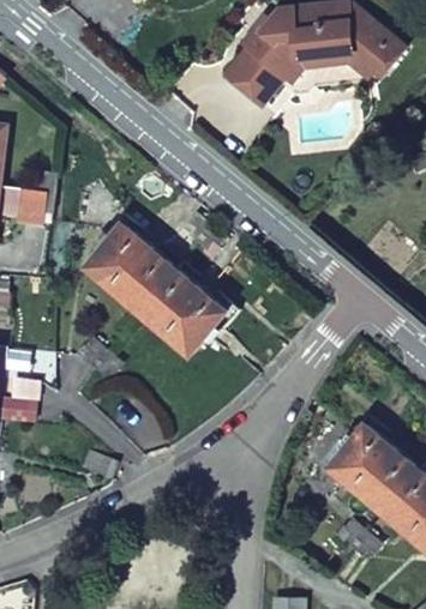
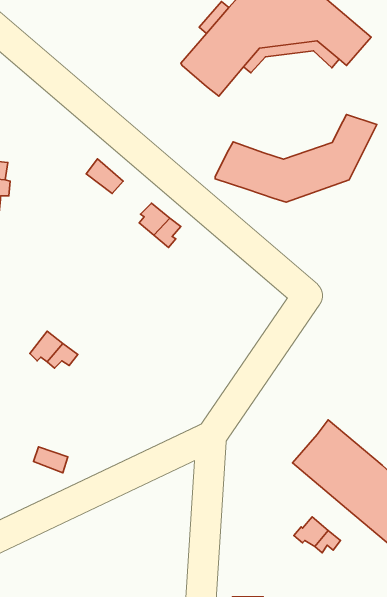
building: none -> [215,115,377,202]
building: [86,225,226,352] -> none

